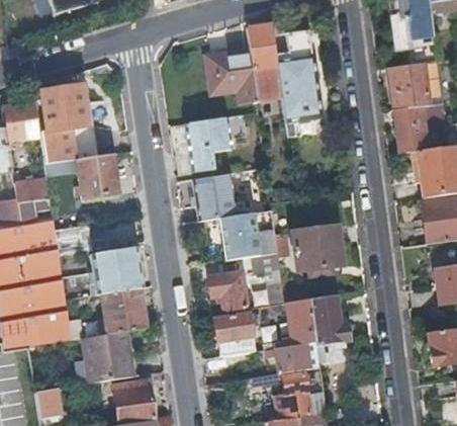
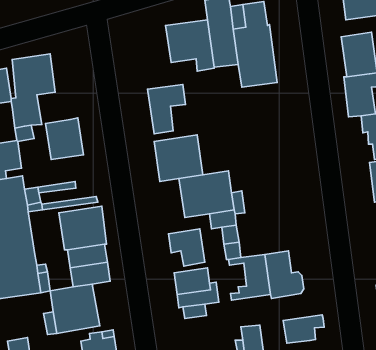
building: [296,227,342,270] -> none
building: [275,341,318,371] -> [283,315,324,343]

